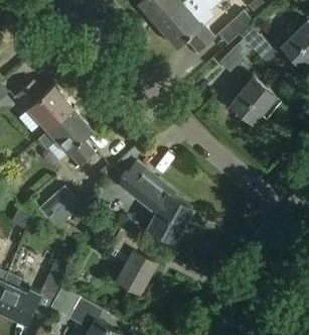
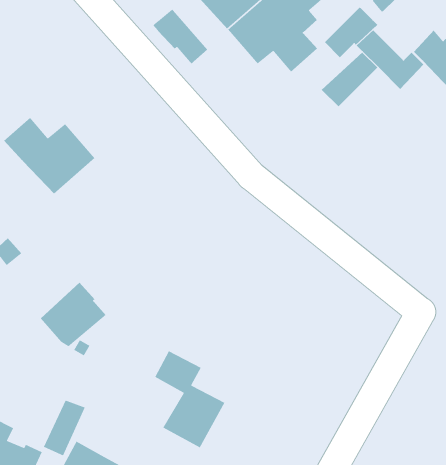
building: none -> [153,7,208,64]
building: [229,77,278,124] -> none
building: [37,108,95,166] -> none
building: [120,163,192,246] -> none

